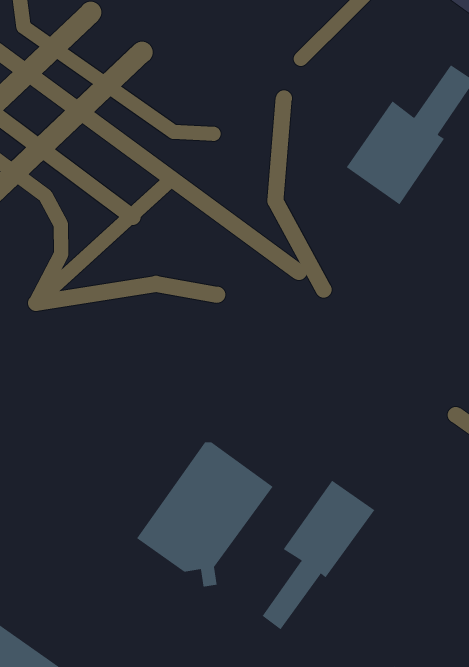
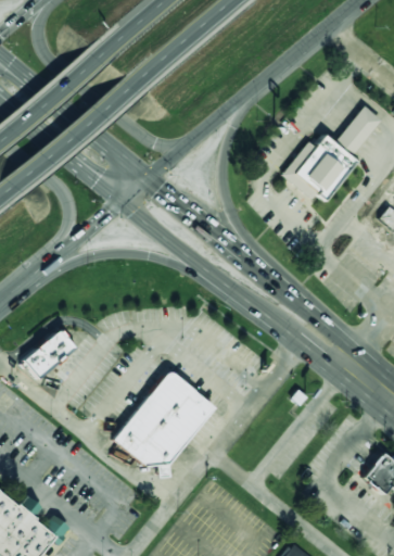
building: none -> [24,328,76,377]
building: [262,480,375,630] -> none

